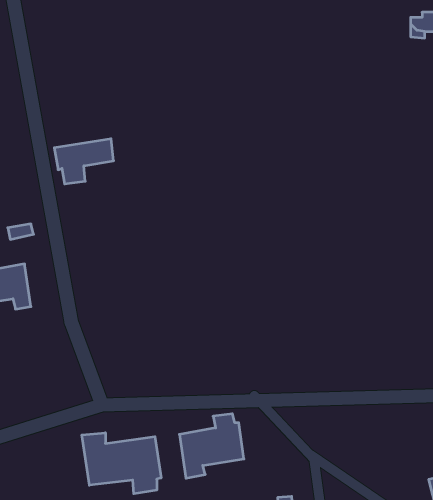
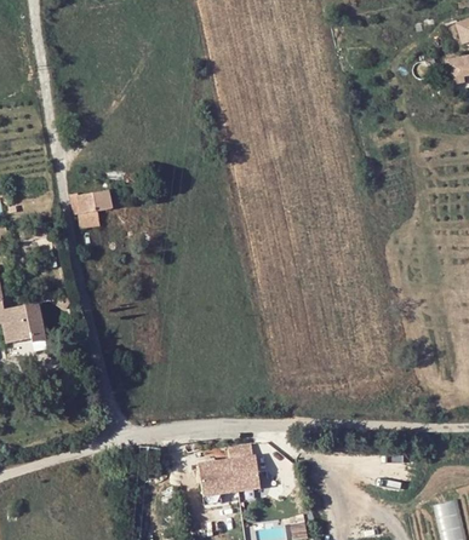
building: [82,433,161,494] -> none

